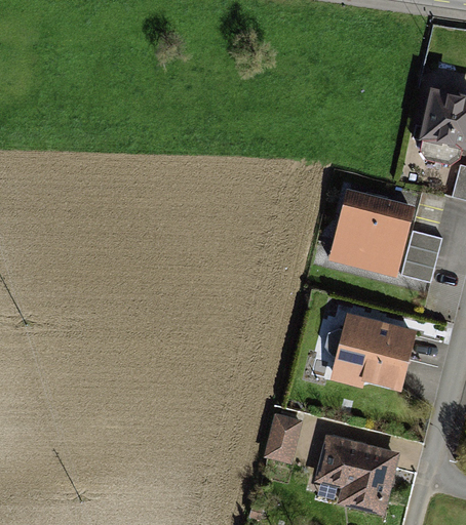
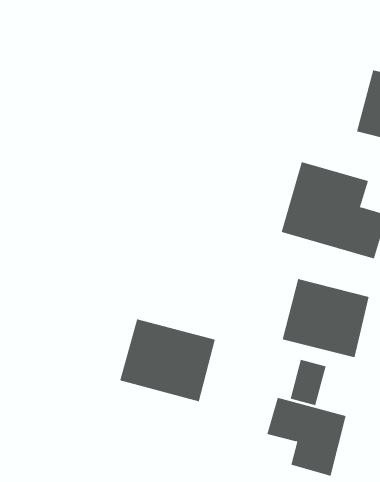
building: none -> [119,318,216,402]
building: [263,416,302,466] -> [290,359,326,406]

